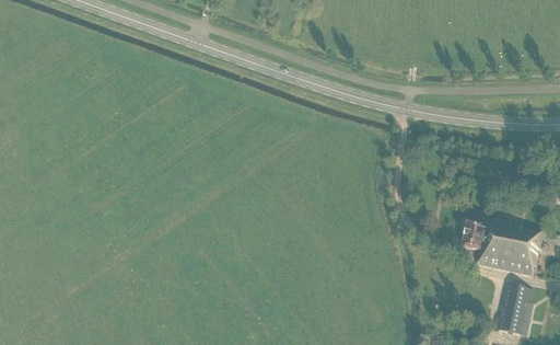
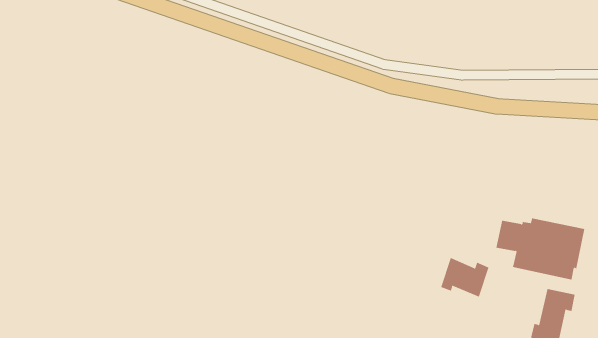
building: none -> [441,257,489,297]

